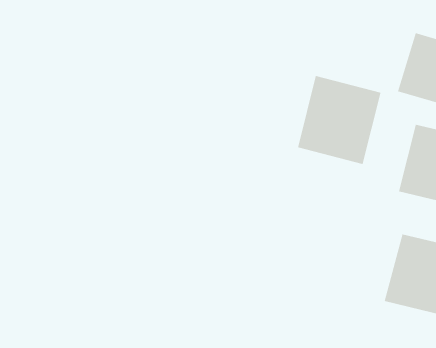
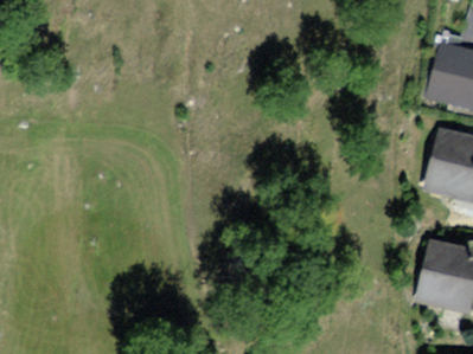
building: [297,75,381,165] -> none

